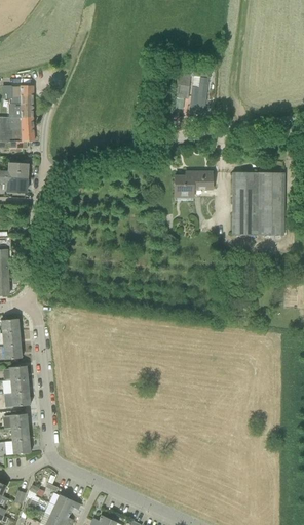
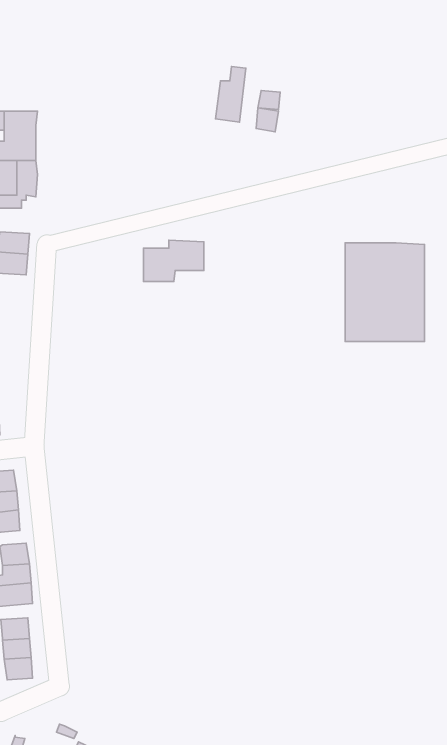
building: [188,78,207,114] -> [216,66,246,122]
building: [174,170,213,197] -> [144,240,204,282]

